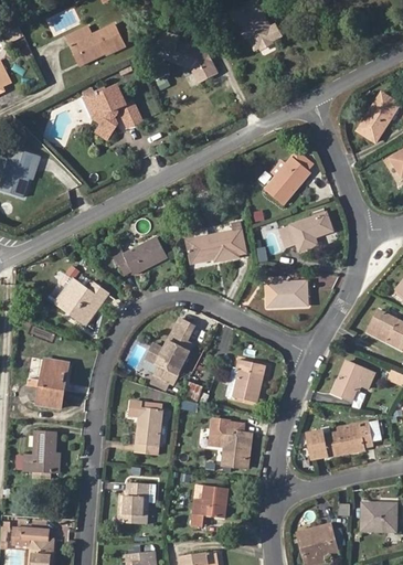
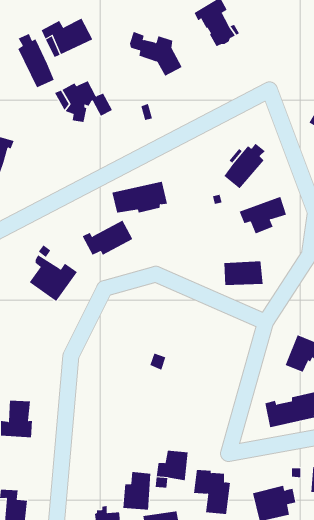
building: none -> [18,33,55,88]
building: [185,228,246,263] -> [111,181,168,213]
building: [146,327,193,383] -> none
building: [36,359,72,409] -> none
building: [227,360,265,403] -> none
building: [128,402,162,455] -> none
building: [210,419,251,468] -> [193,470,231,515]
building: [118,482,149,524] -> [122,471,151,510]

